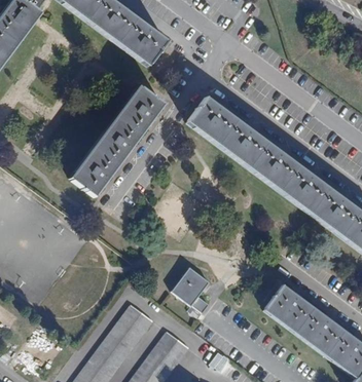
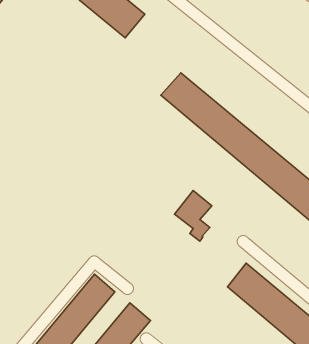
building: [70,85,164,196] -> none
building: [173,267,210,317] -> [174,191,212,241]

